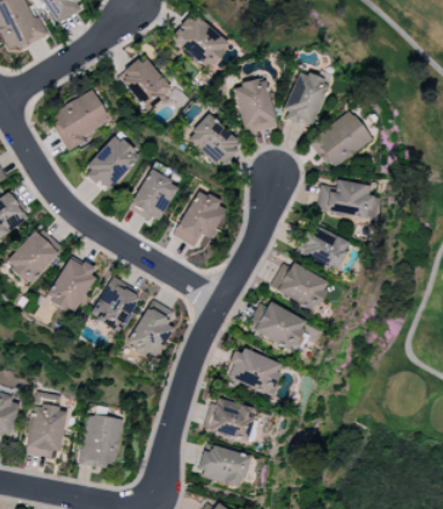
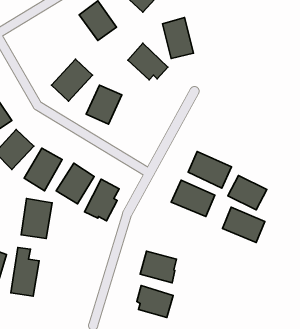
building: [282,70,330,127] -> none
building: [47,88,110,150] -> none
building: [311,113,371,167] -> none
building: [318,179,377,219] -> none
building: [174,190,226,246] -> none
building: [296,223,350,270] -> [228,175,267,210]
building: [223,345,282,394] -> [222,207,265,243]
building: [81,413,124,468] -> [21,198,52,238]

